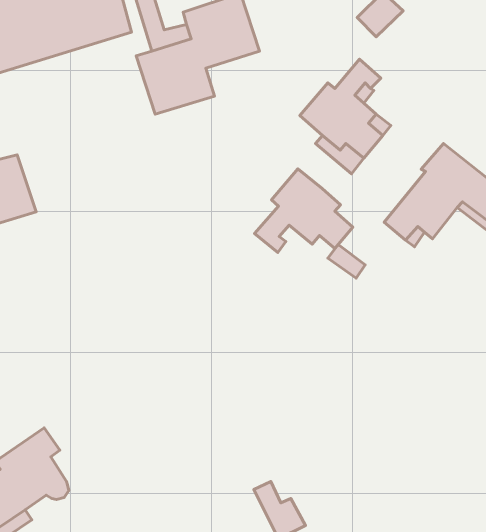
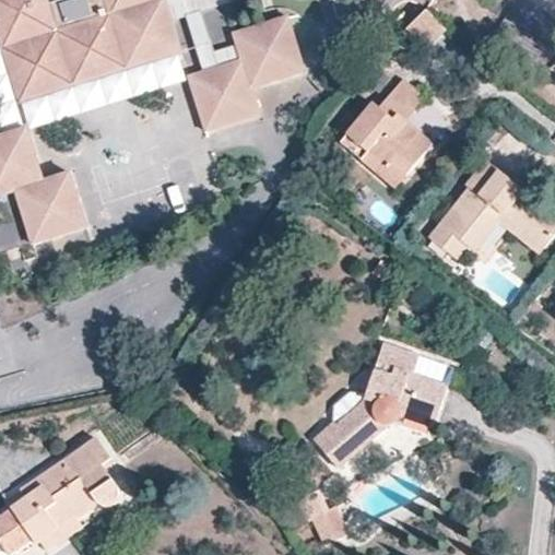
building: [255,169,353,253] -> none
building: none -> [314,344,452,465]

